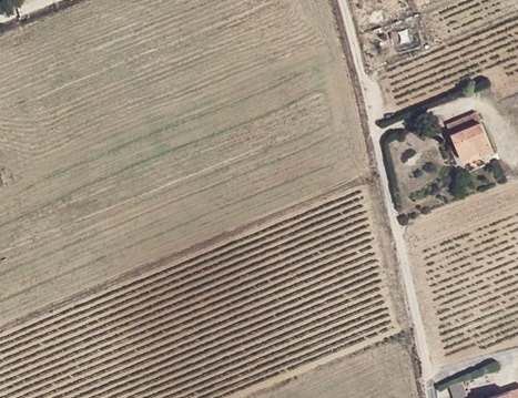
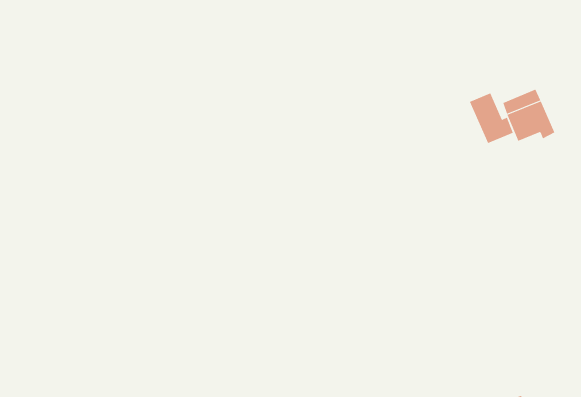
building: none -> [469,92,514,144]

